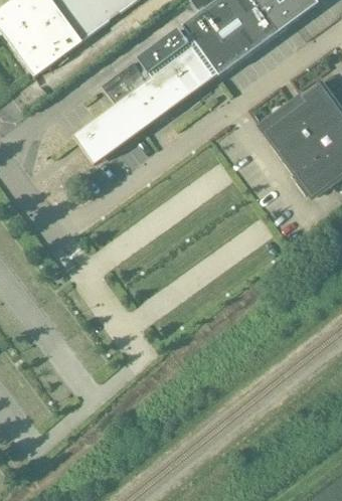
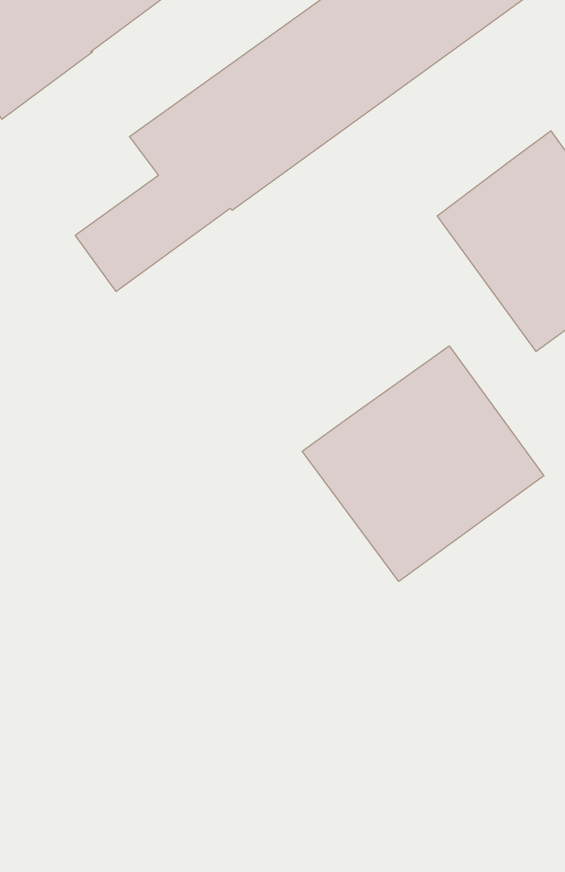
building: none -> [302,346,544,581]

